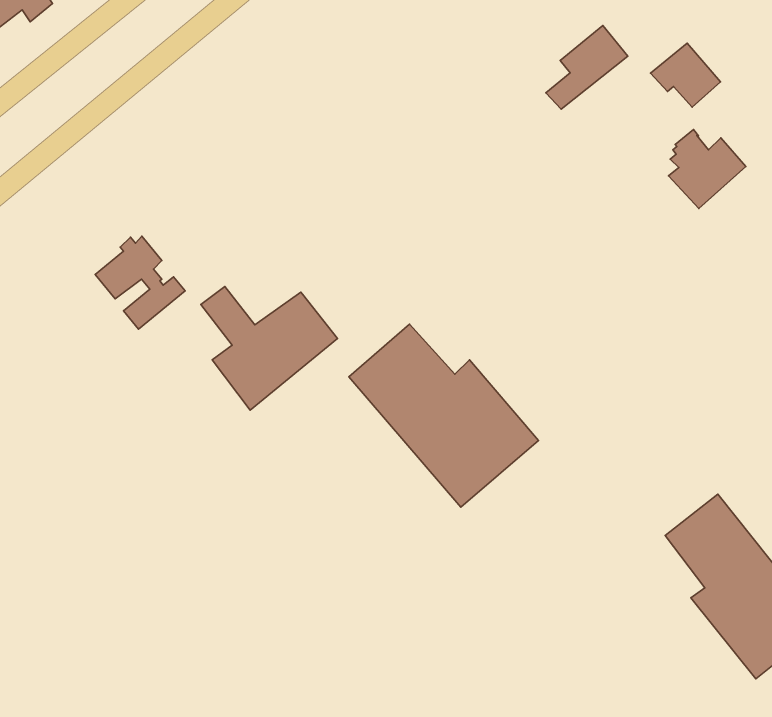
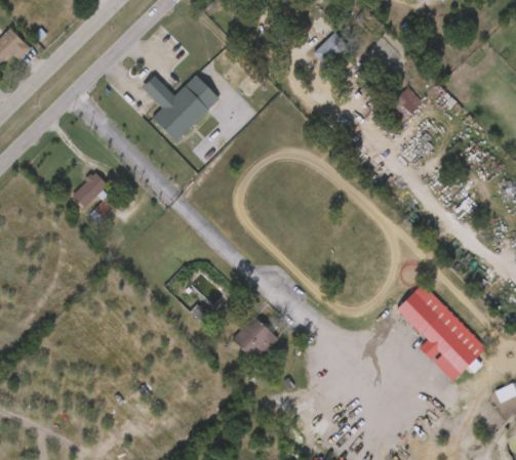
building: [201,286,337,410] -> [143,74,220,141]
building: [349,324,538,507] -> none
building: none -> [229,315,277,362]

